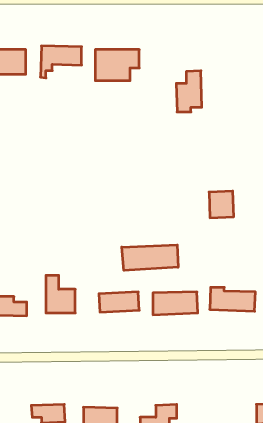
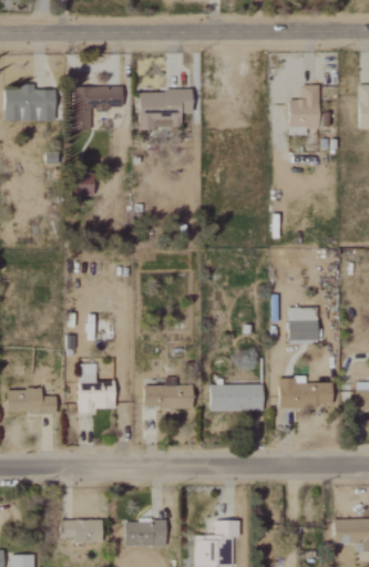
building: [176,71,202,112] -> [289,84,320,134]
building: [209,191,234,218] -> [288,309,318,341]
building: [122,245,178,270] -> none

